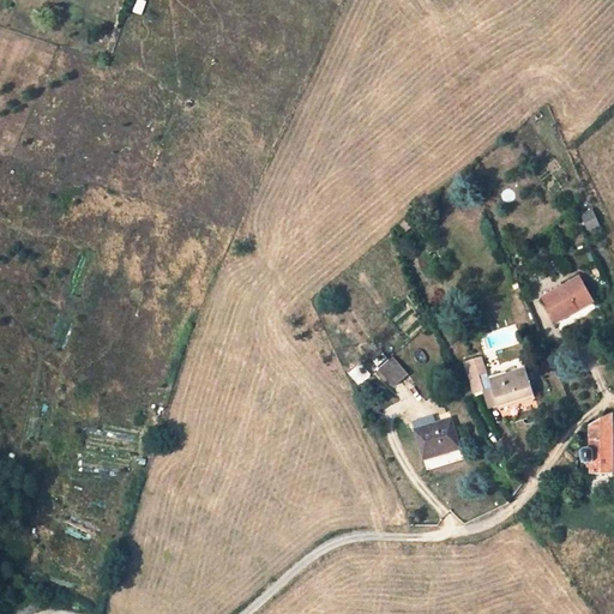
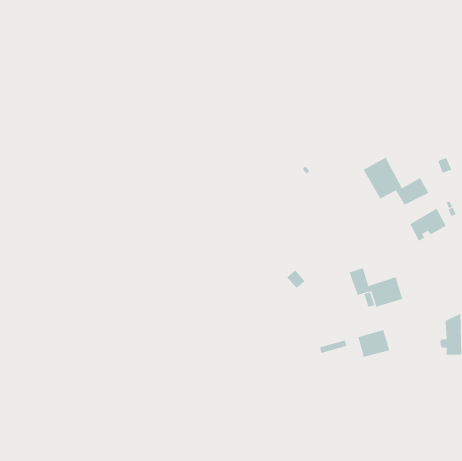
building: none -> [363,157,429,206]
building: [416,420,459,457] -> [358,330,390,358]

